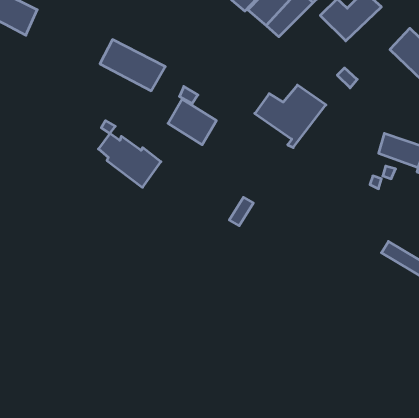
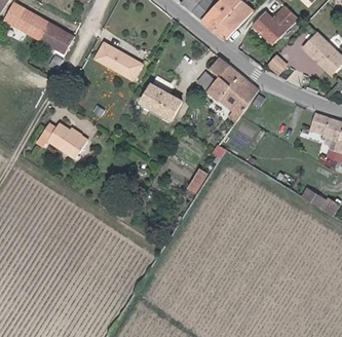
building: none -> [41,20,76,50]
building: none -> [206,59,237,86]
building: [98,133,161,187] -> [42,119,87,158]

